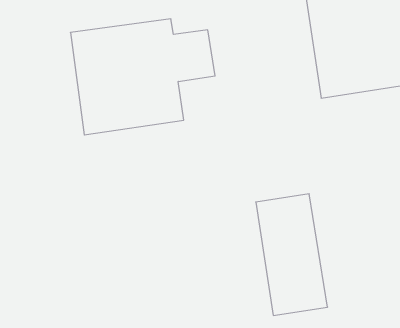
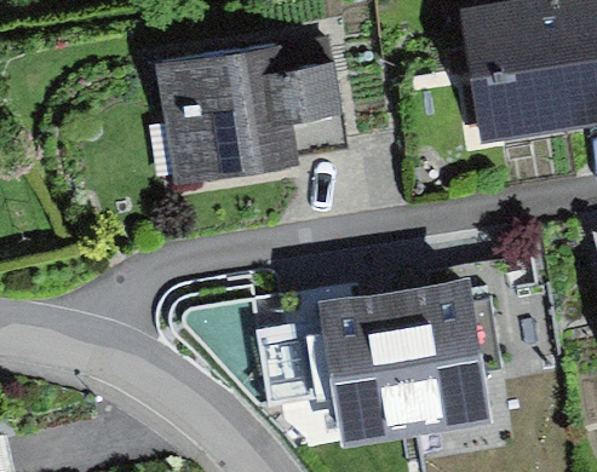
building: none -> [258,282,420,442]

